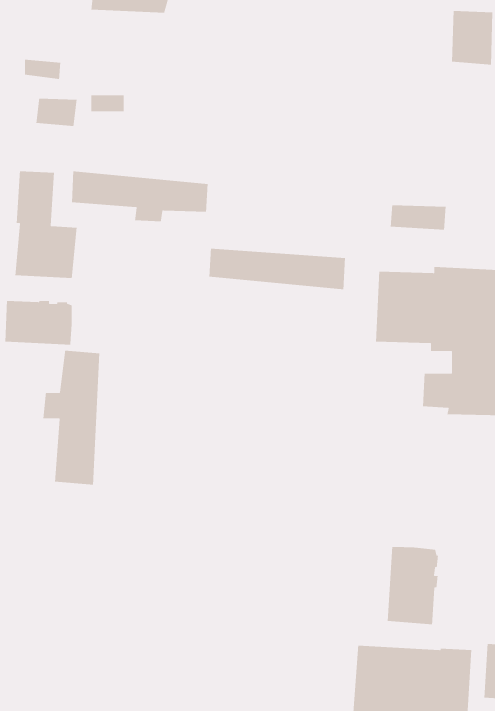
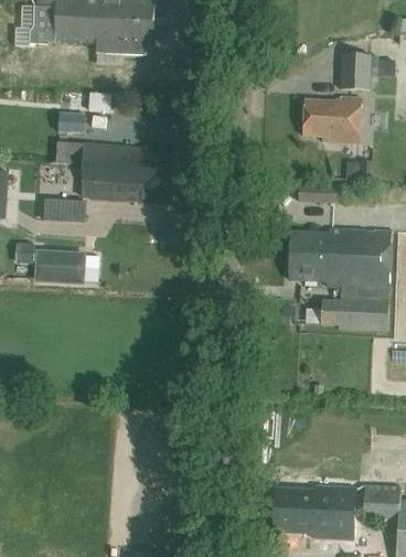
building: none -> [303,96,361,142]
building: [208,248,346,290] -> [83,142,177,171]
building: [43,350,100,486] -> none
building: [387,546,439,625] -> none

